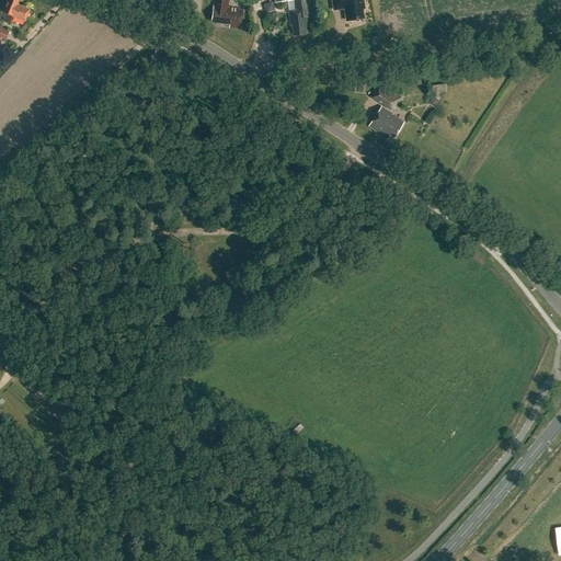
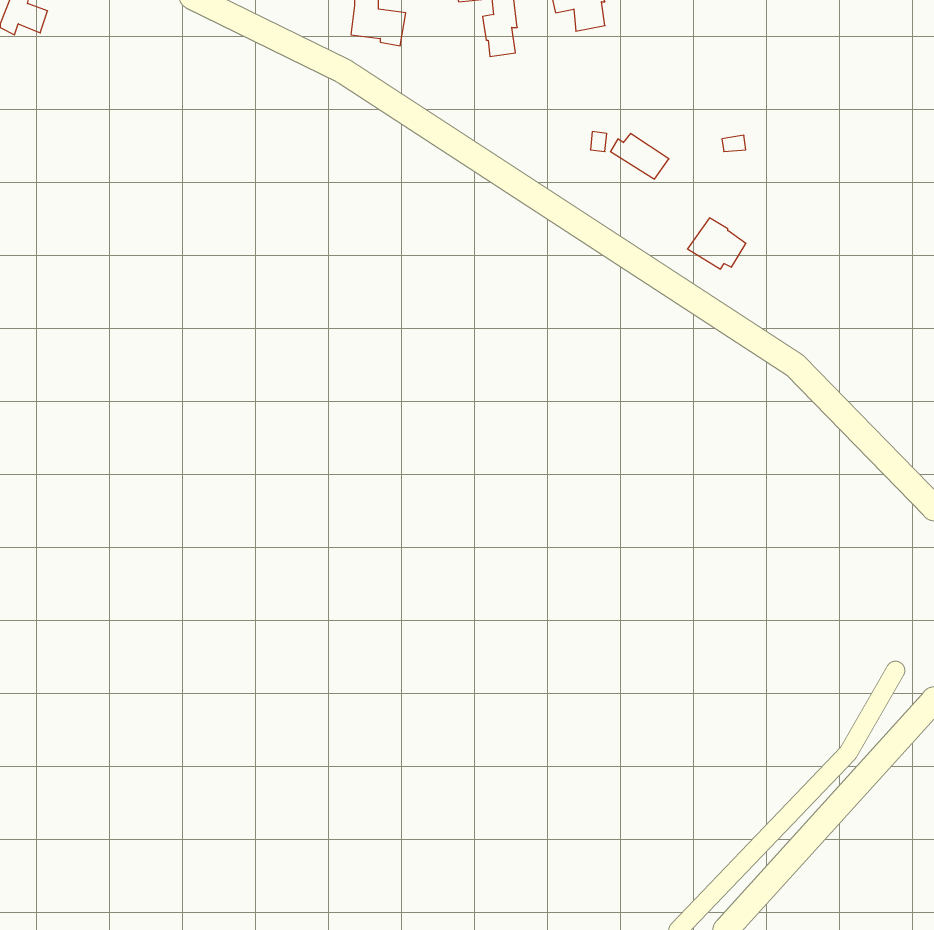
building: [367,105,402,136] -> [687,218,746,269]

